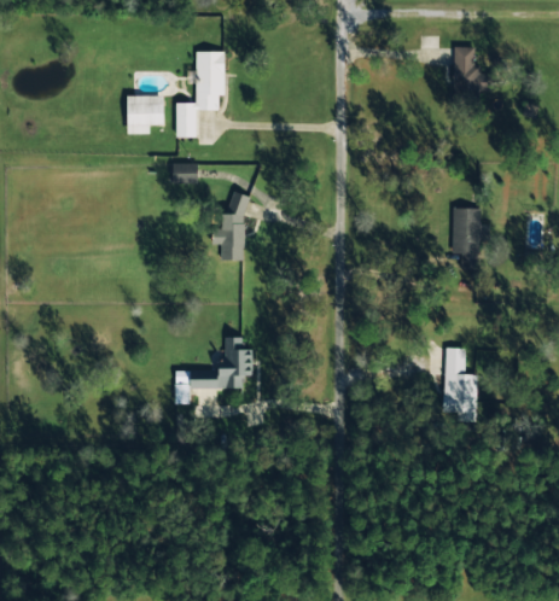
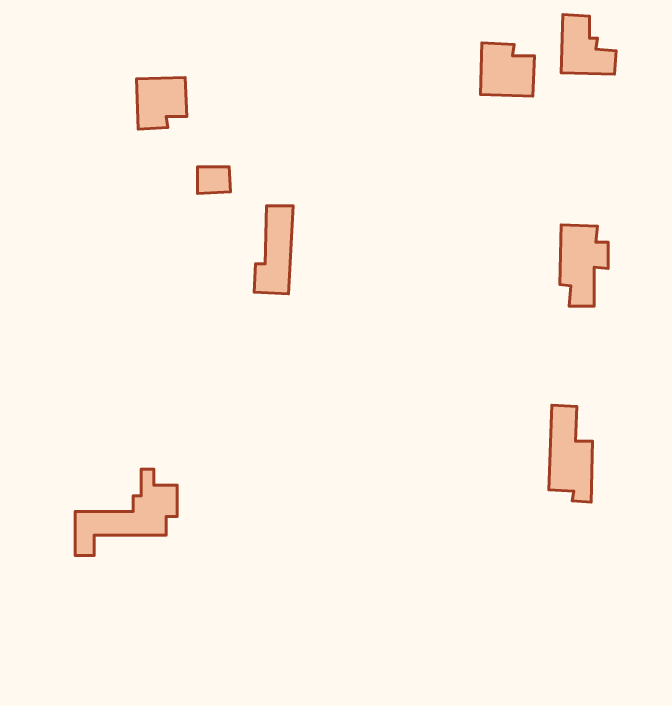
building: [175,51,225,136] -> none
building: none -> [481,43,534,96]
building: [174,337,252,403] -> [75,469,177,556]

